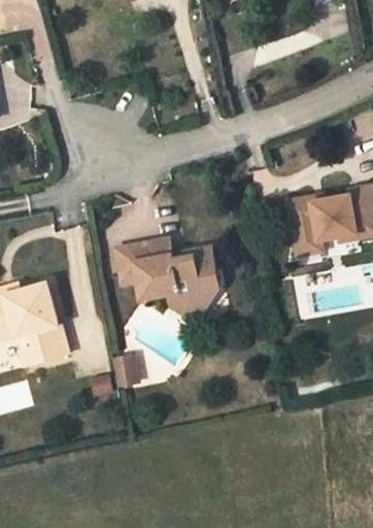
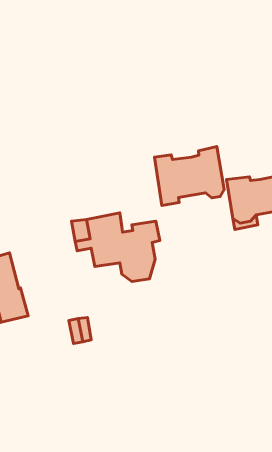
building: none -> [154,147,224,205]

